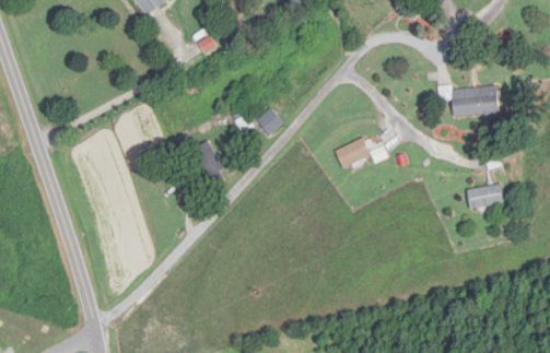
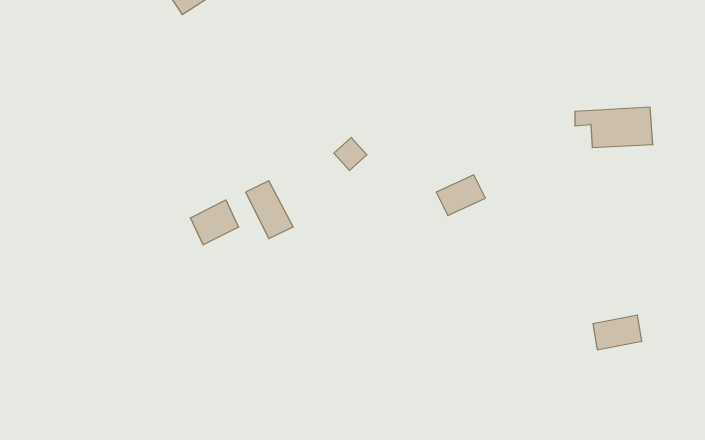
building: none -> [190,200,239,245]
building: [466,184,503,210] -> [593,315,642,350]

